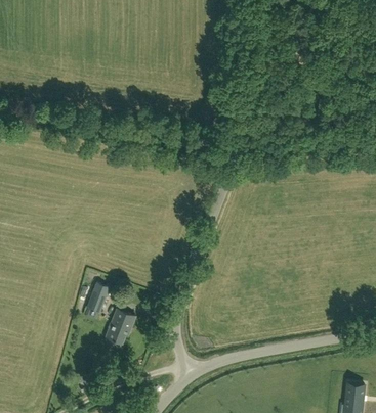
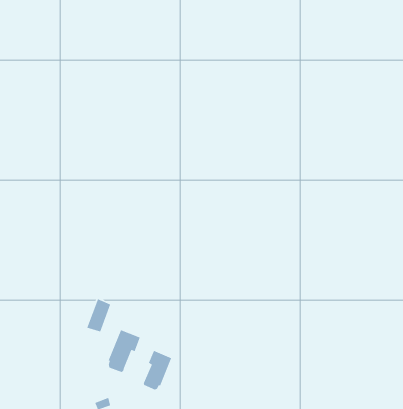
building: none -> [143,350,172,391]

